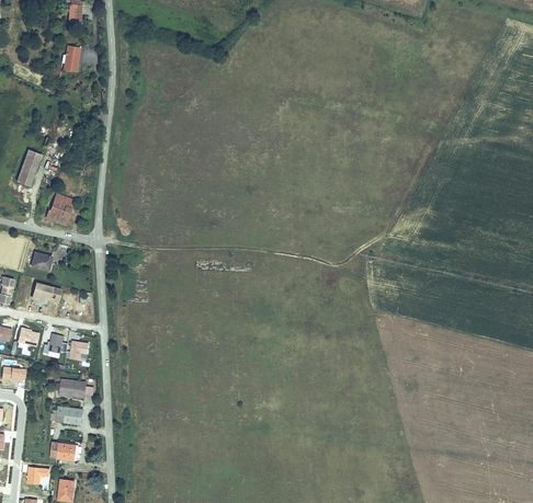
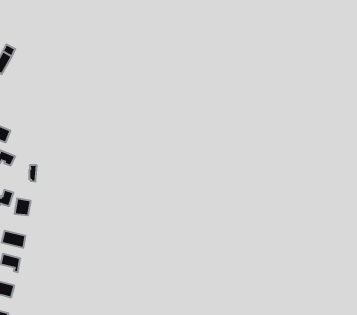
building: [45,192,75,224] -> none

